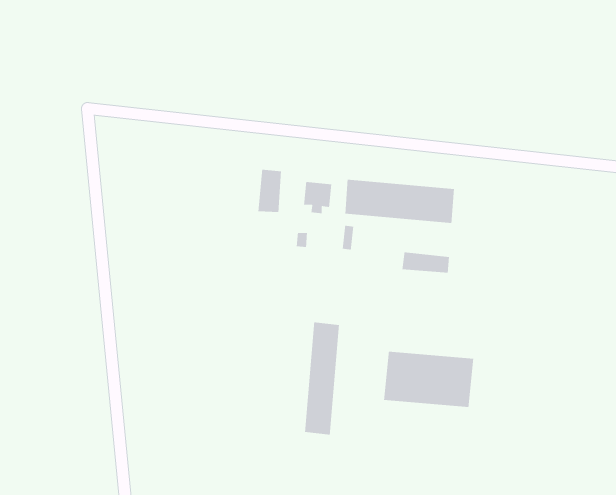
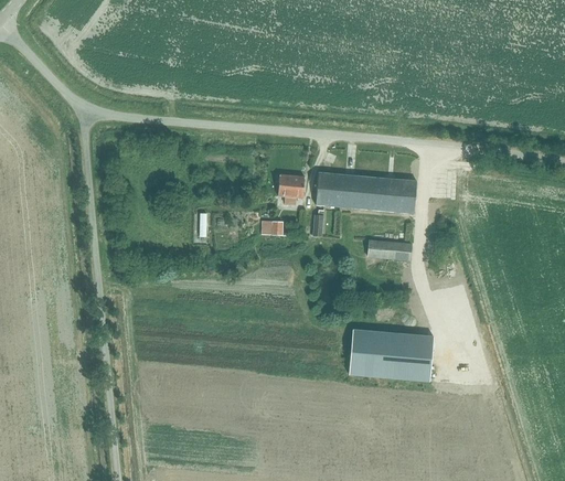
building: [257,169,282,213] -> none
building: [304,322,340,436] -> none

